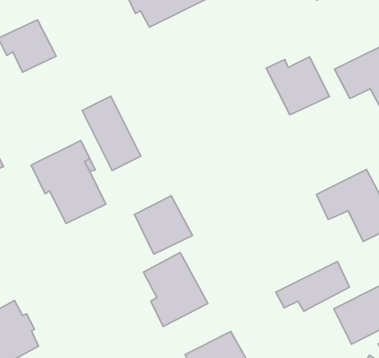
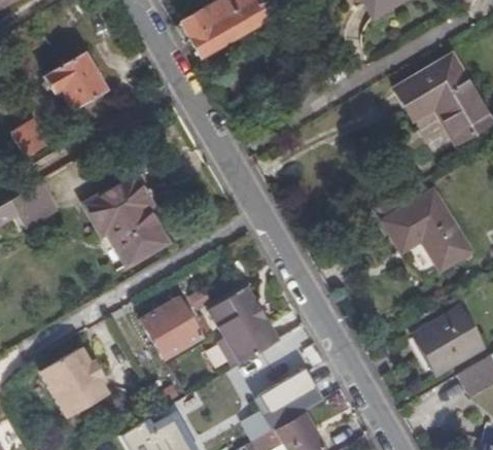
building: [266,57,330,115] -> none
building: [82,96,141,171] -> none
building: [135,196,193,254] -> [141,298,203,359]
building: [276,261,350,311] -> none

